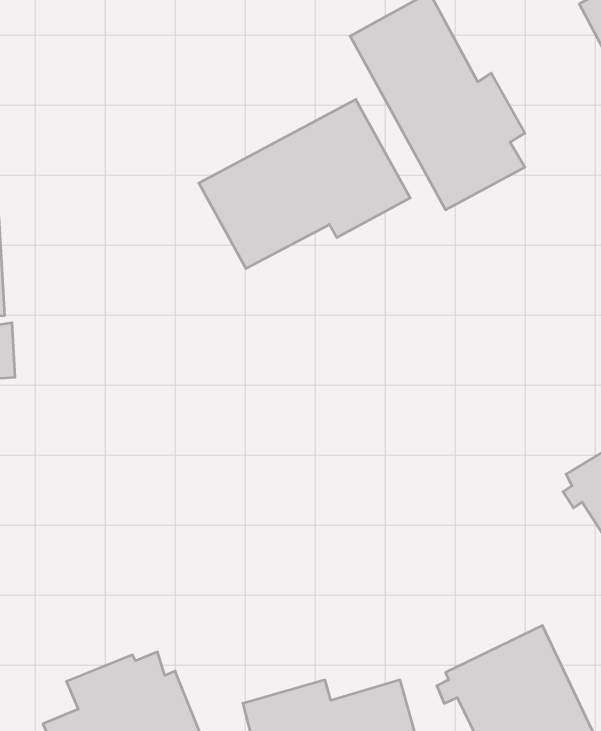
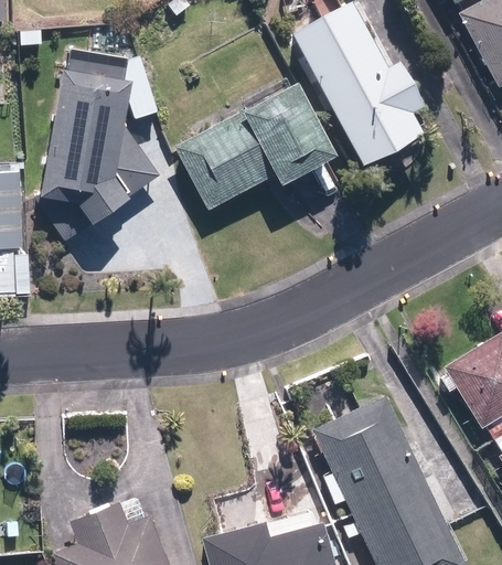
building: none -> [35,73,161,242]
building: none -> [318,395,430,515]

